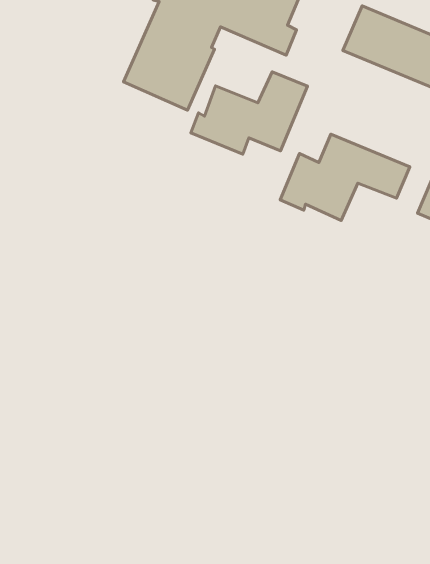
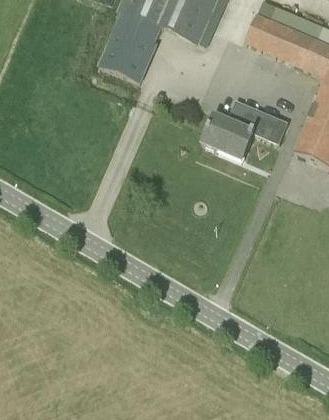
building: [191,72,307,154] -> none

